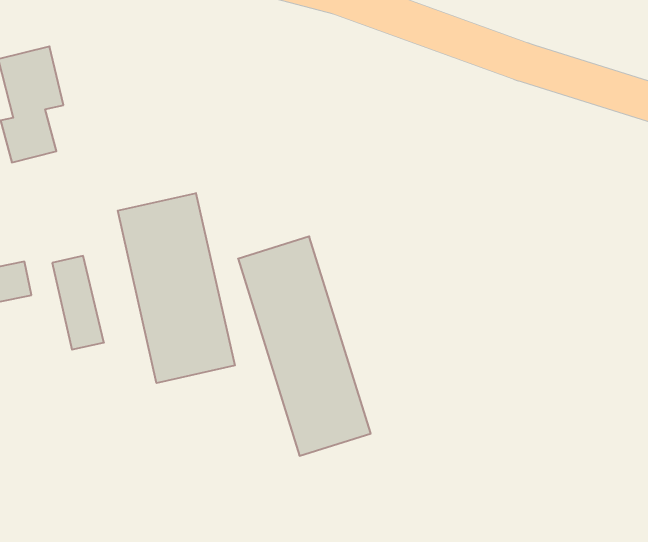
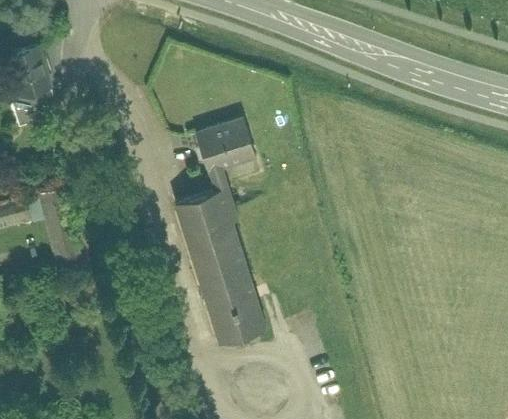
building: none -> [199,123,259,170]
building: [118,193,235,383] -> none

